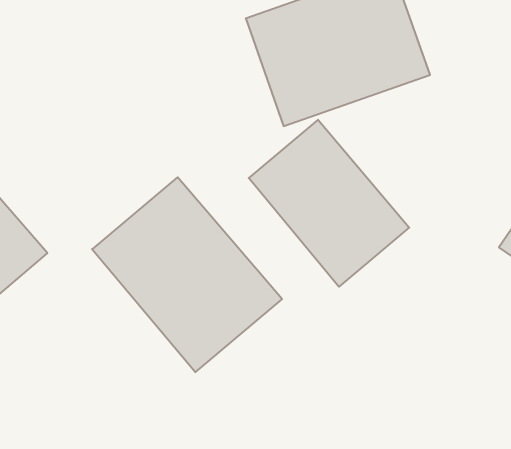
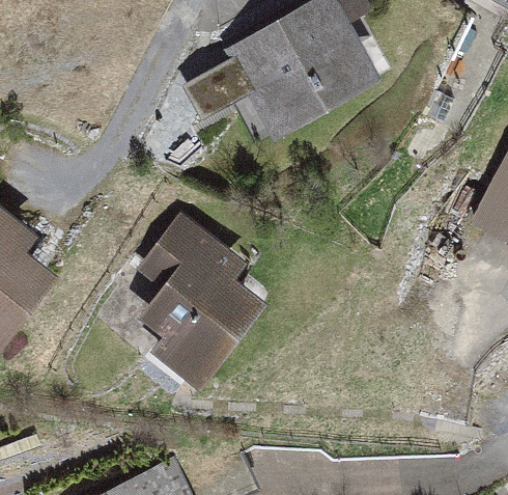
building: [249,120,409,287] -> none

